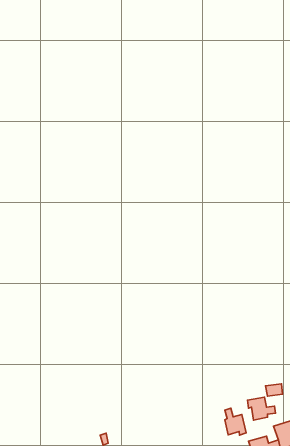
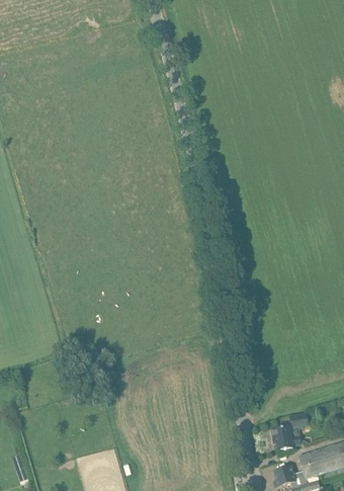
building: [225,408,246,435] -> none

